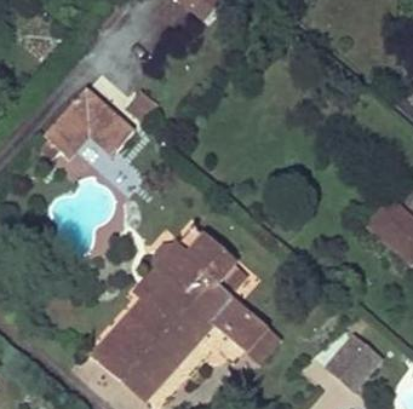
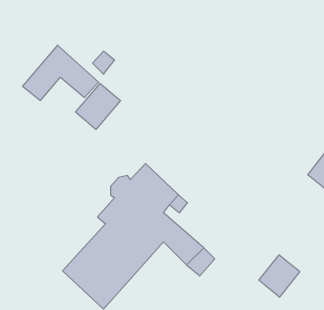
building: none -> [76,83,121,129]

